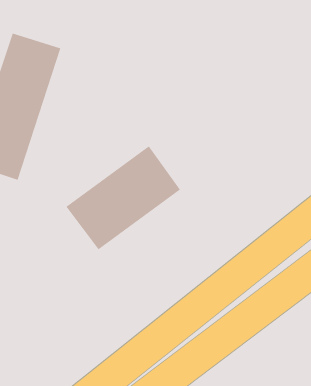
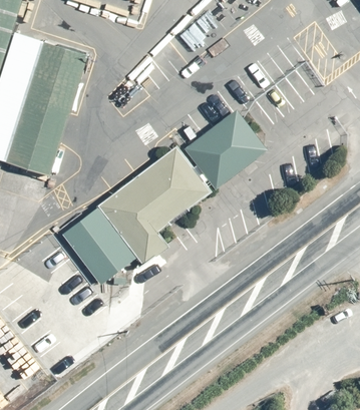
building: none -> [184,108,265,186]
building: none -> [58,209,131,284]

